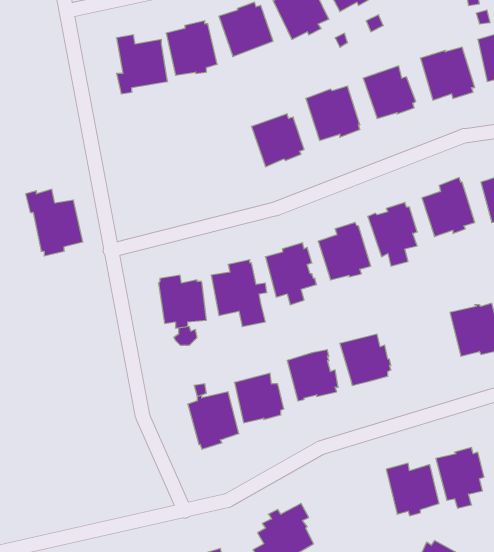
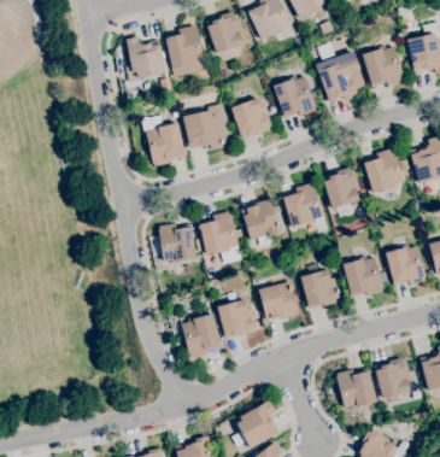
building: none -> [183,110,224,151]
building: [26,189,83,256] -> [141,115,186,166]
building: none -> [344,257,385,297]

